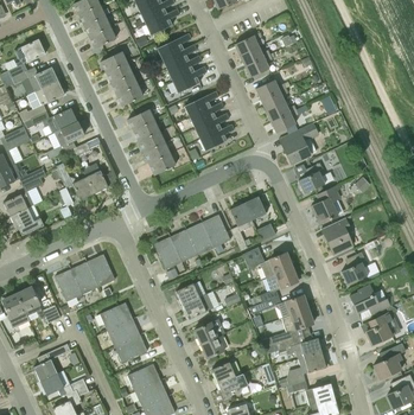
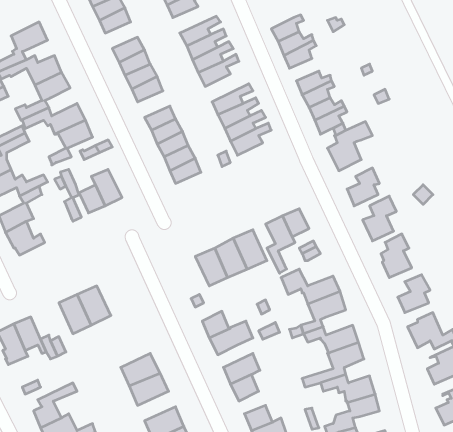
building: [153,236,181,269] -> none
building: [87,254,115,286] -> none
building: [100,301,132,330] -> none

